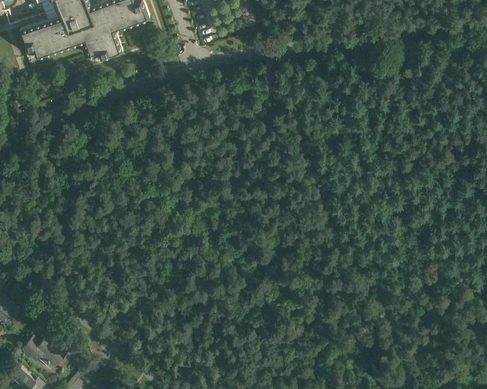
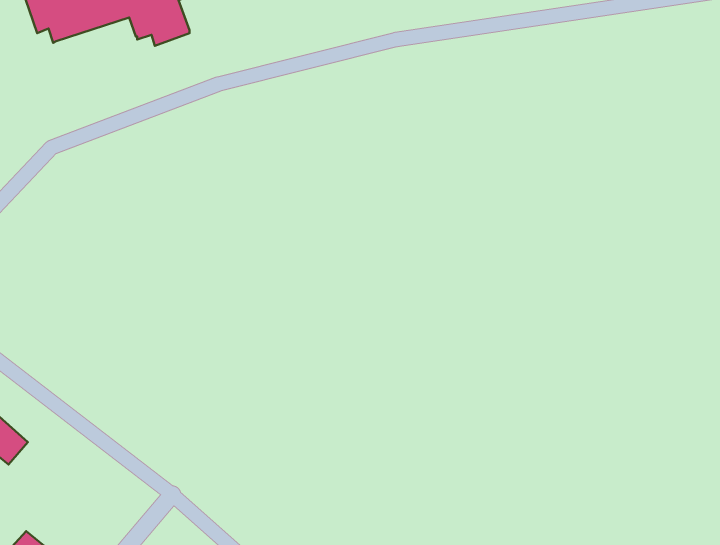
building: [19,332,65,363] -> none

